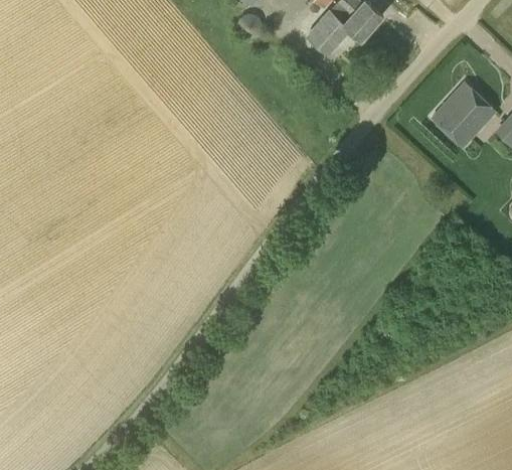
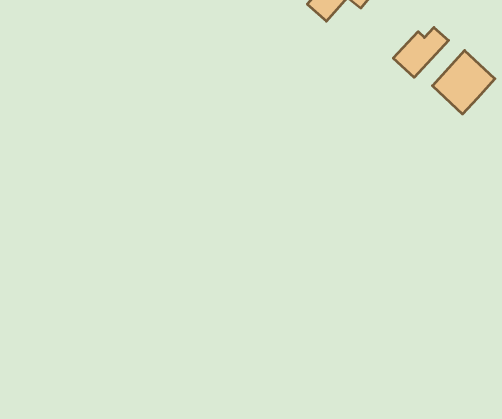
building: none -> [393,27,449,77]

